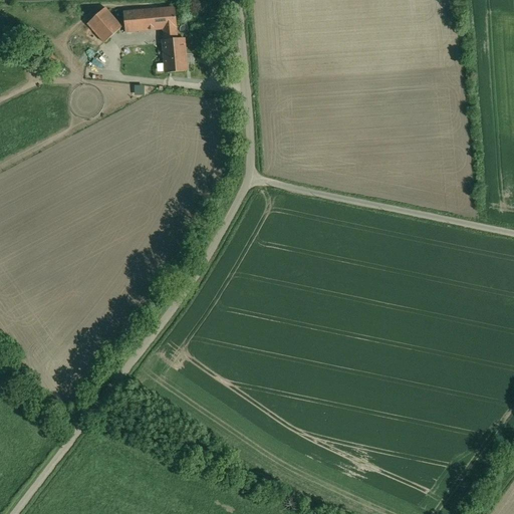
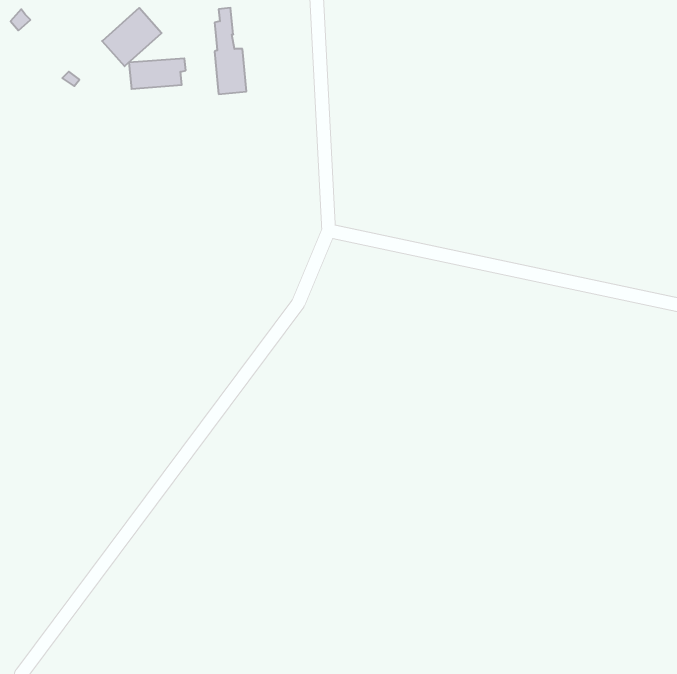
building: [123,7,167,30] -> [129,58,186,89]

